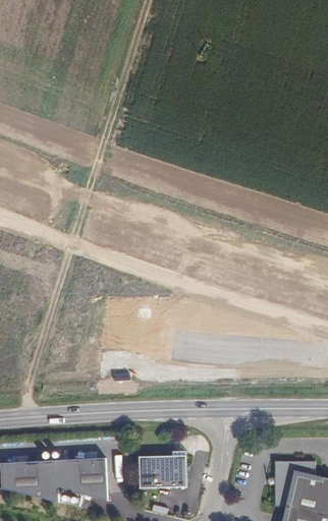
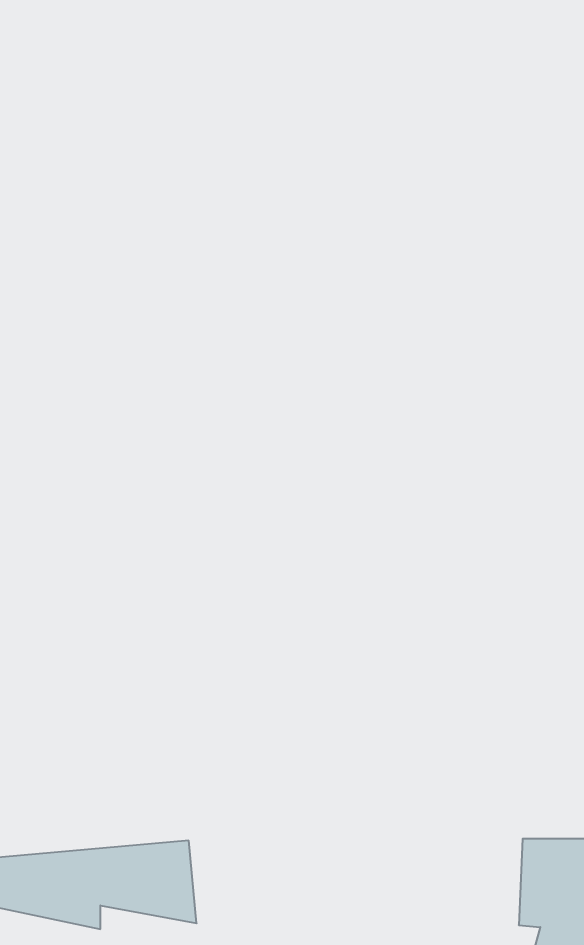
building: [139,454,184,486] -> none

